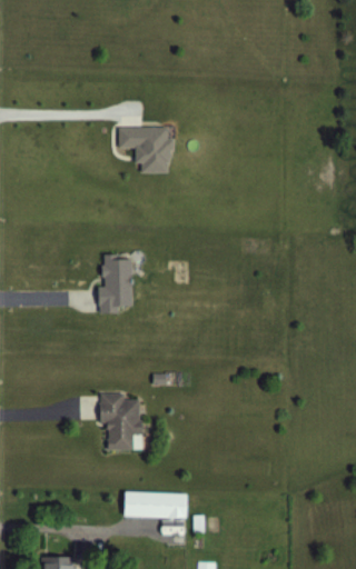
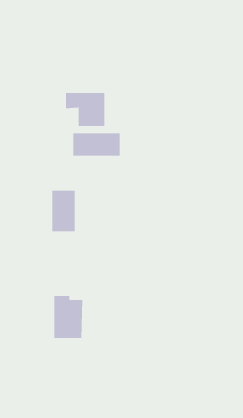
building: none -> [73,132,120,157]
building: [122,491,187,545] -> none

